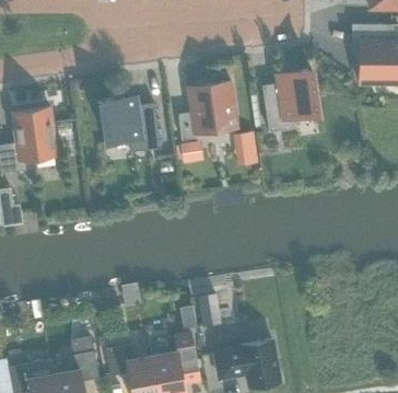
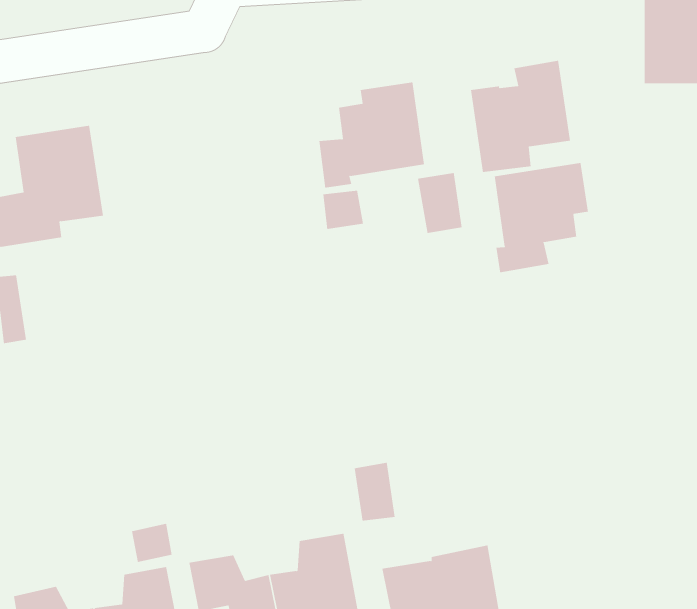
building: [98,97,161,152] -> none
building: none -> [494,162,588,273]

